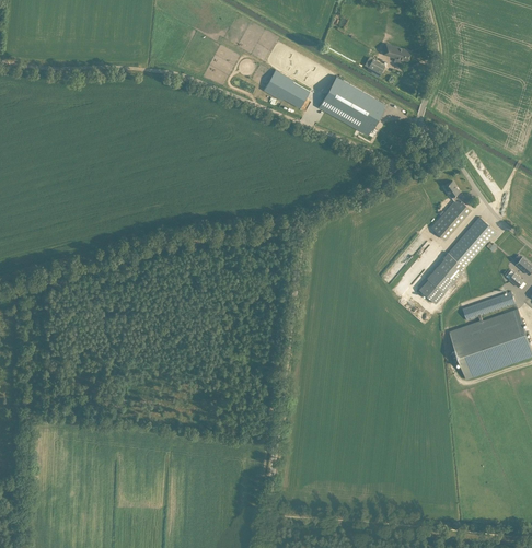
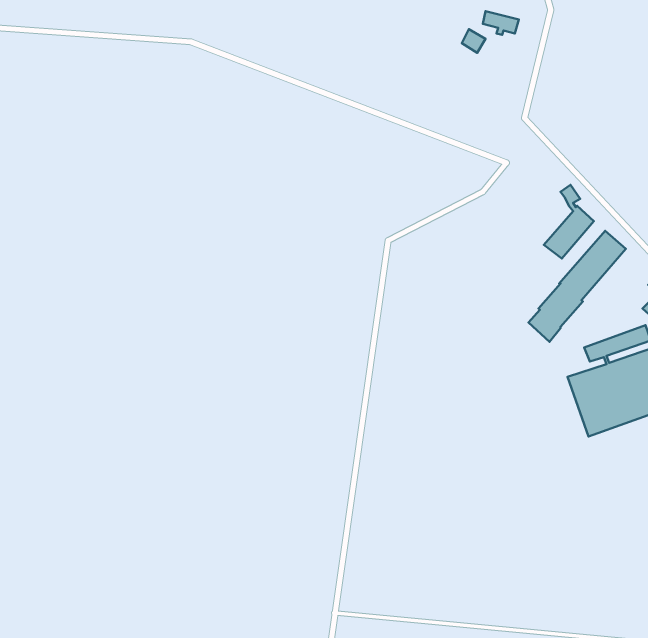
building: [263,69,309,107] -> none
building: [317,75,384,135] -> none

